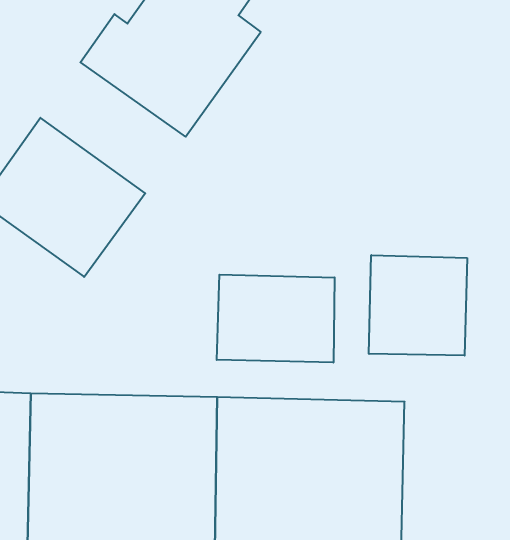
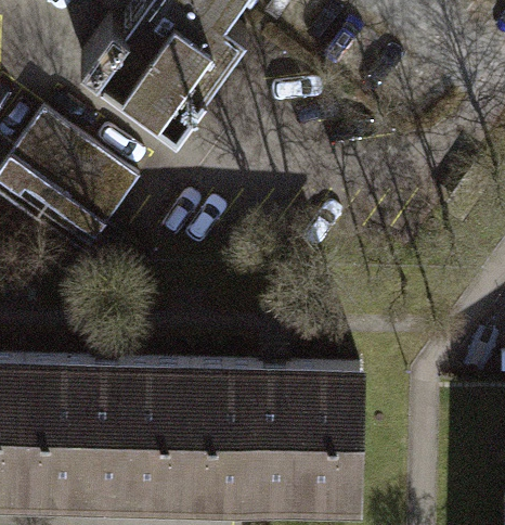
building: [369,255,467,356] -> none
building: [217,275,335,363] -> none

